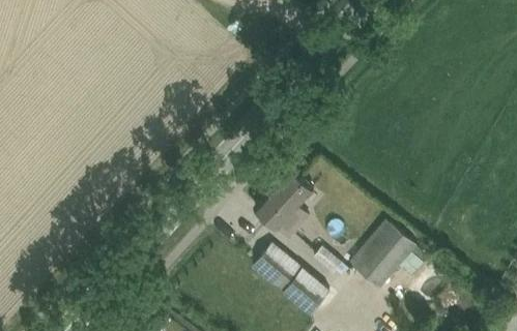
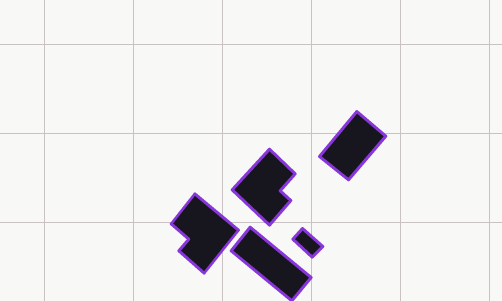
building: none -> [171,194,239,273]
building: [352,222,417,289] -> [320,112,386,180]

